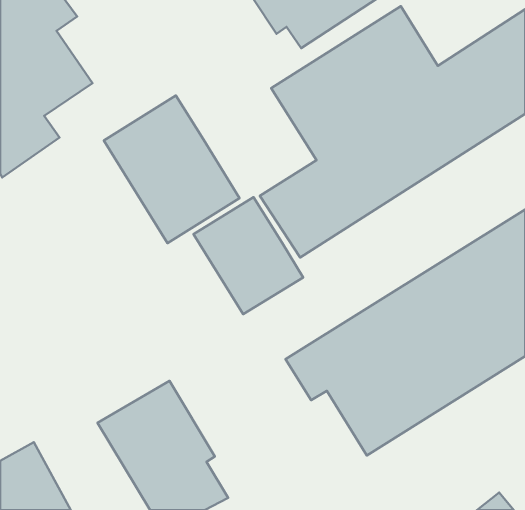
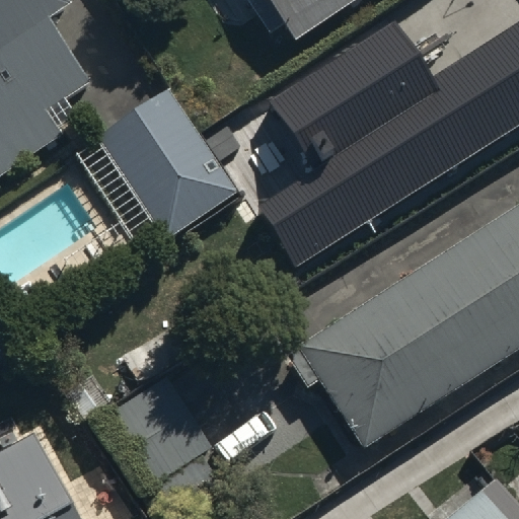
building: [193,197,303,314] -> none

